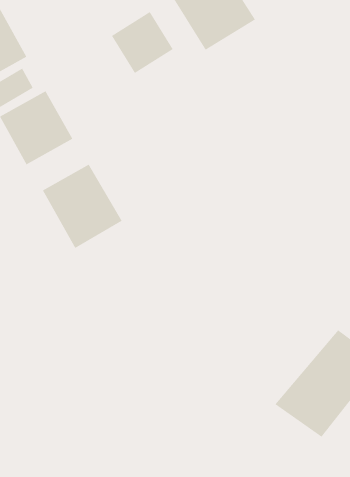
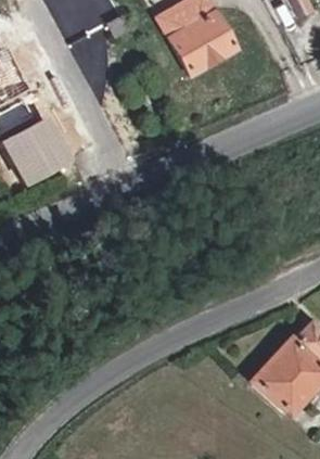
building: [111,11,174,74] -> none
building: [42,164,122,249] -> none

